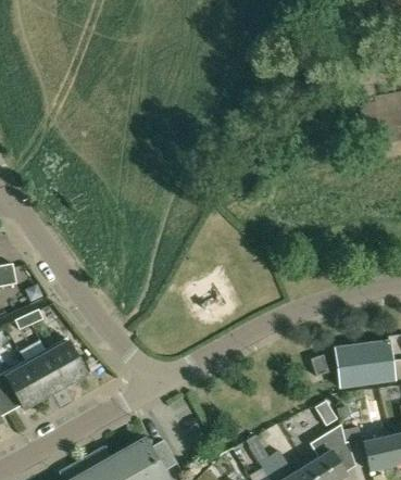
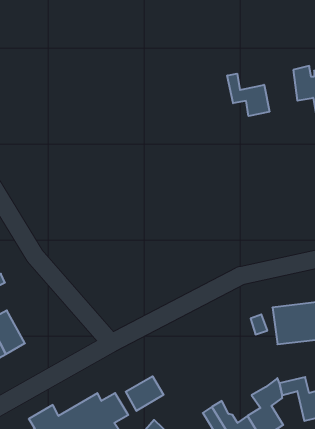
building: none -> [227,74,269,116]
building: [45,338,86,386] -> none
building: none -> [126,376,164,411]

